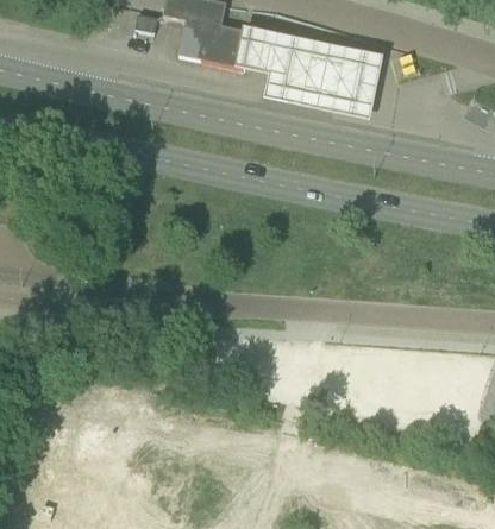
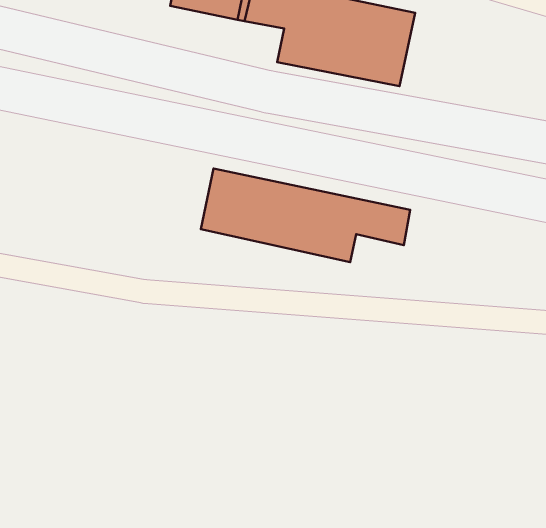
building: none -> [201,168,410,262]

